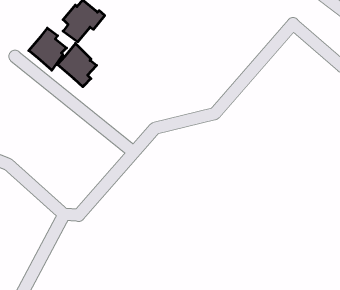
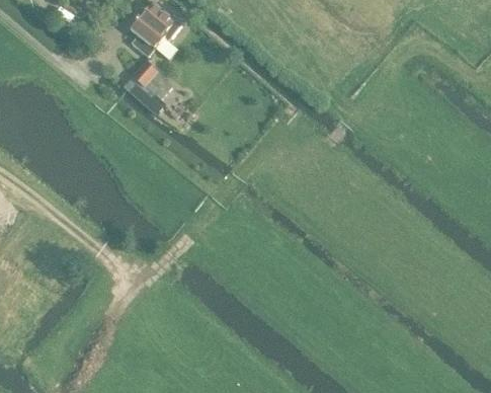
building: [29,28,67,70] -> none

